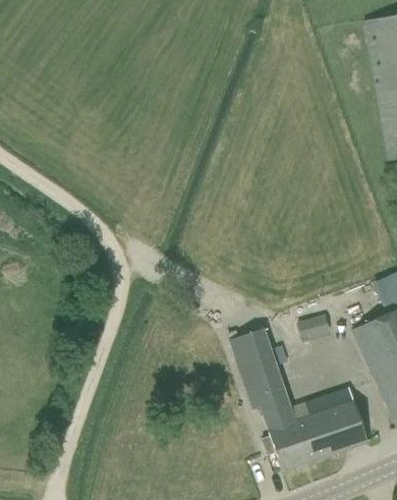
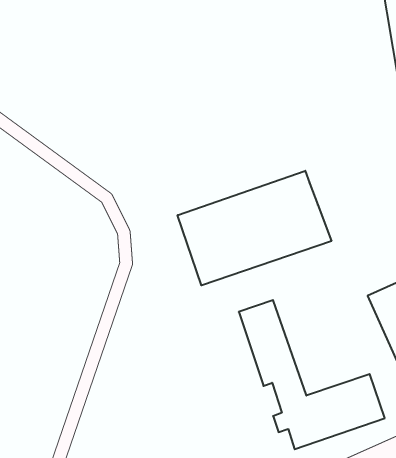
building: none -> [178,171,331,285]
building: [297,312,330,340] -> none

